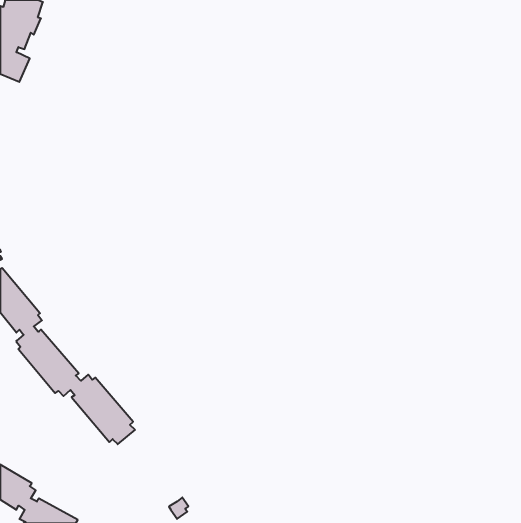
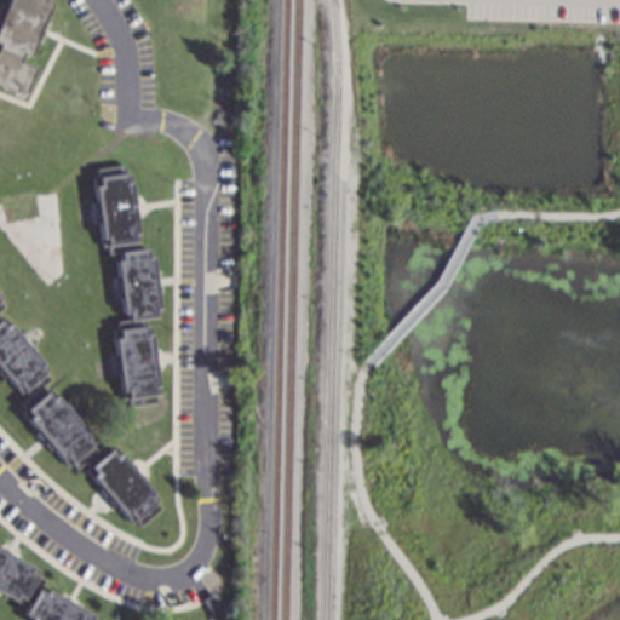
building: none -> [96,166,162,407]

